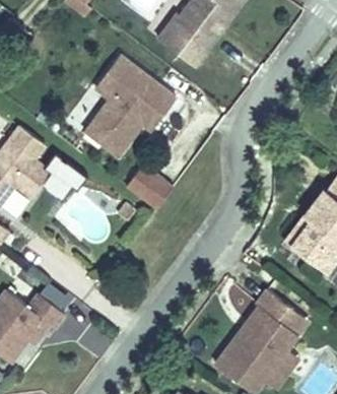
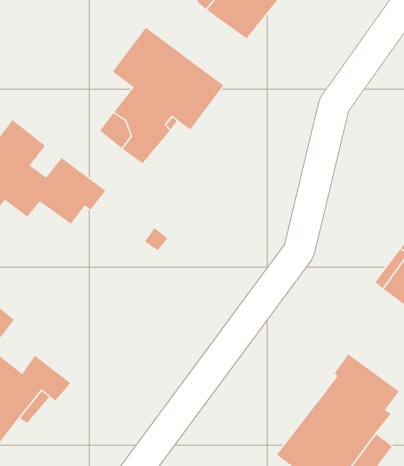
building: [126,162,173,208] -> none

